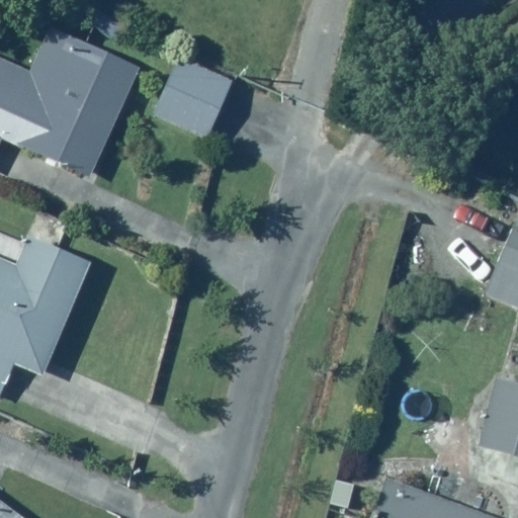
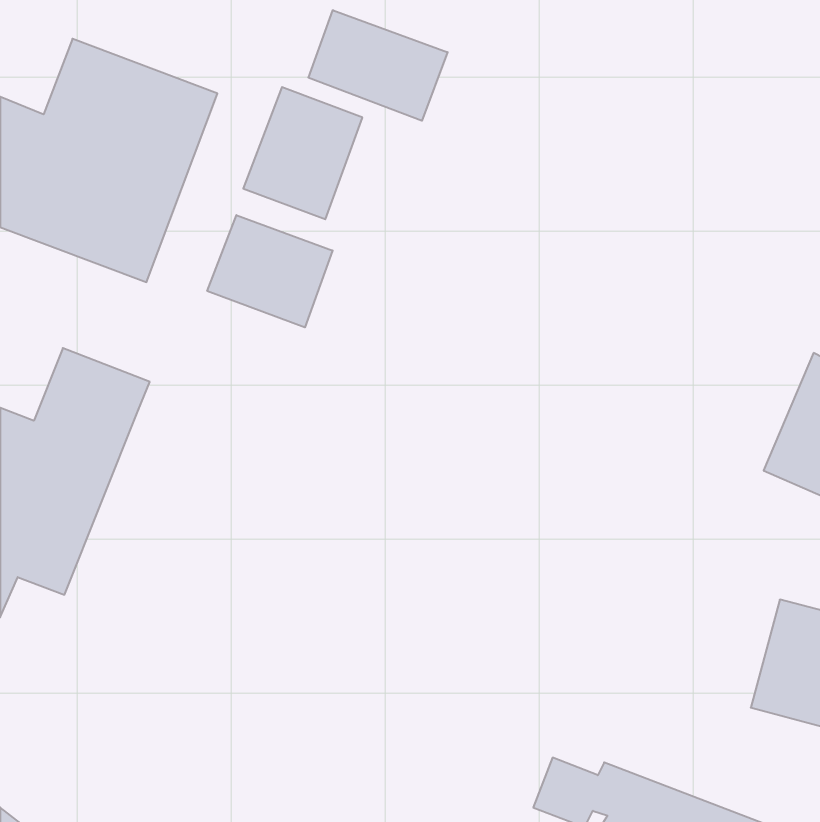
building: none -> [308,10,448,121]
building: none -> [207,215,333,327]

